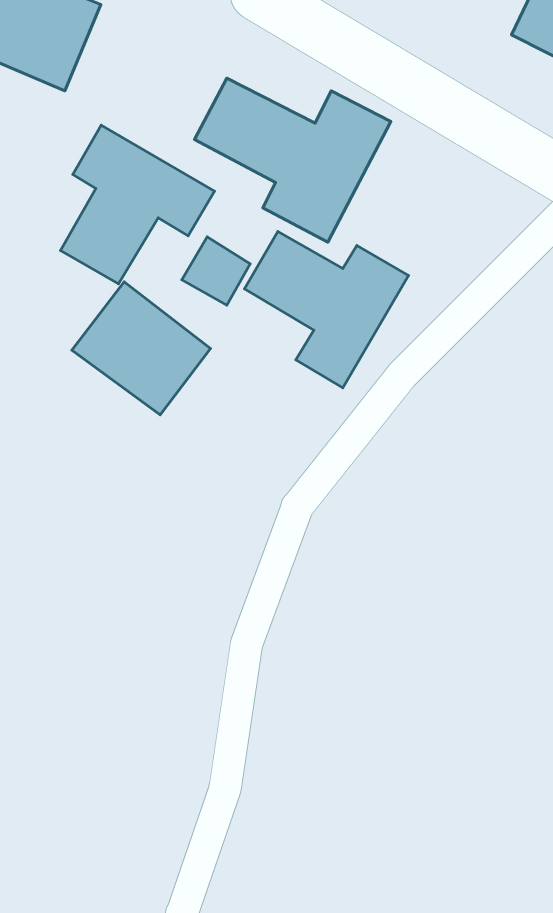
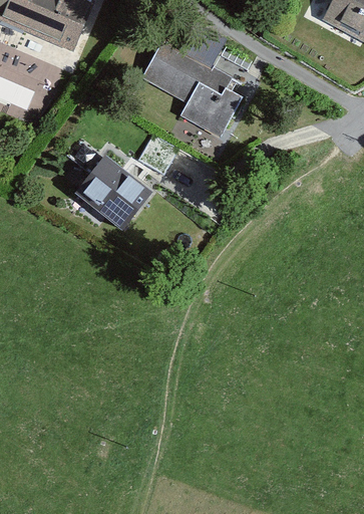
building: [61,125,215,284] -> none
building: [245,231,408,388] -> none

